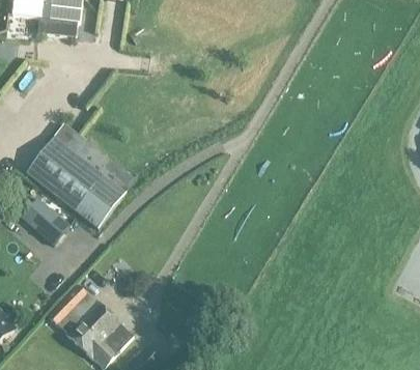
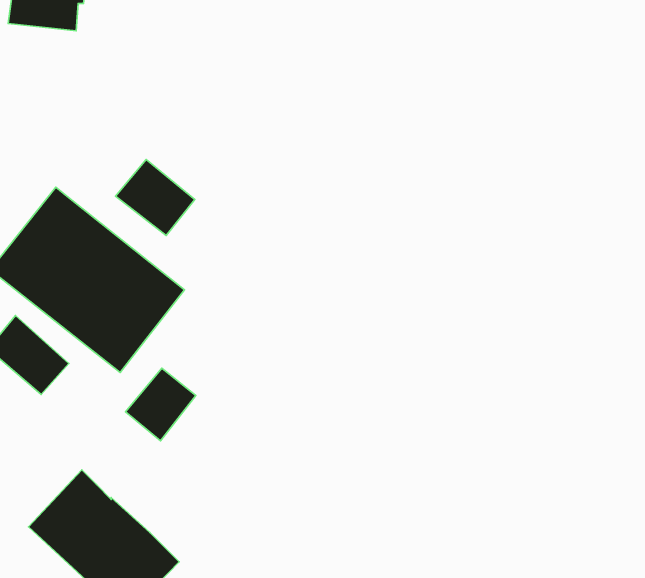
building: none -> [116,160,195,236]
building: none -> [126,368,196,441]

